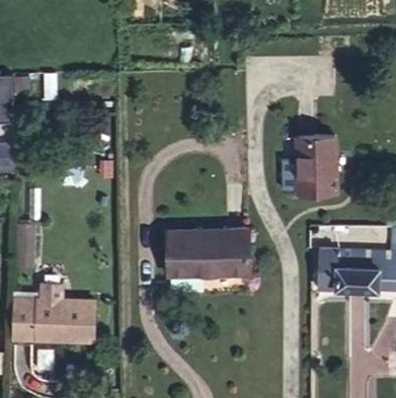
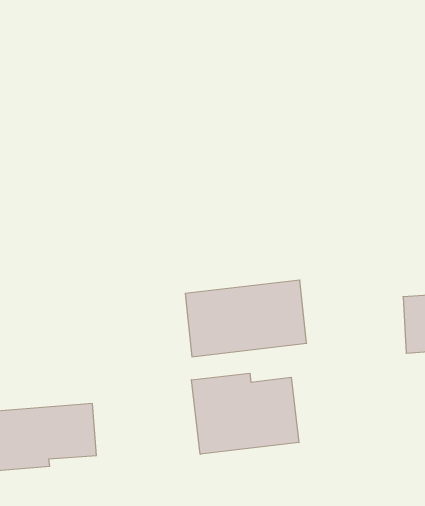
building: [296,137,335,194] -> none
building: none -> [191,373,299,454]

